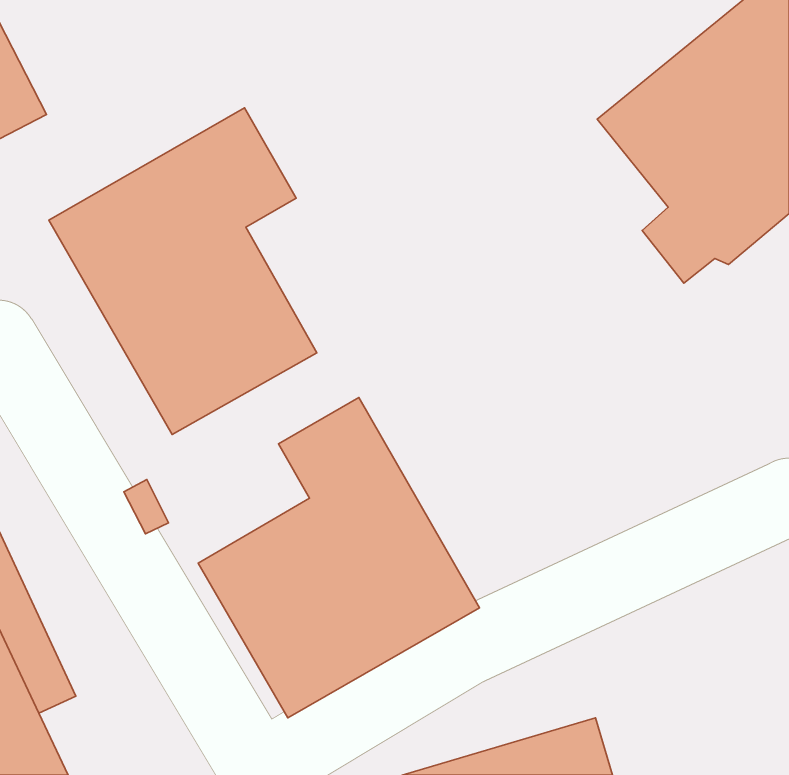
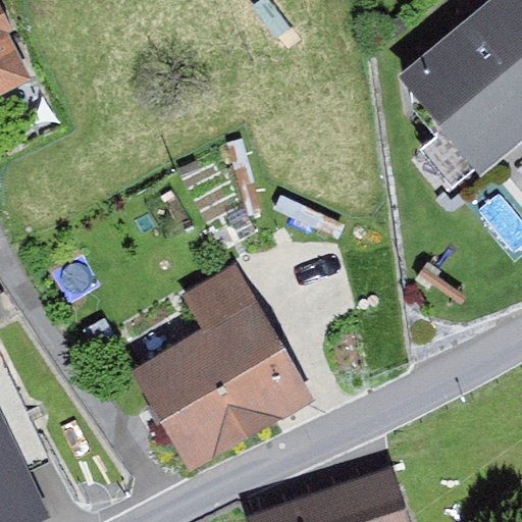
building: [49,108,317,435] -> none

